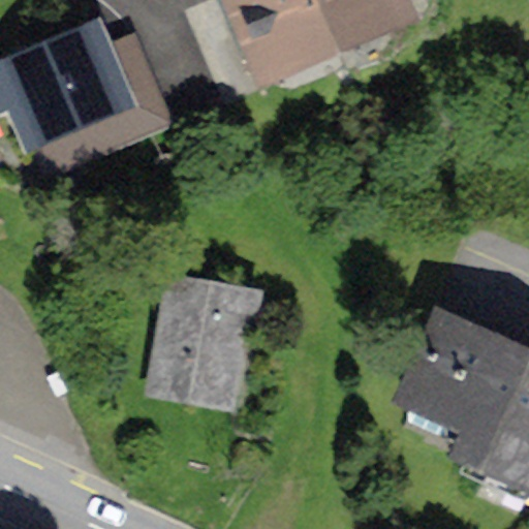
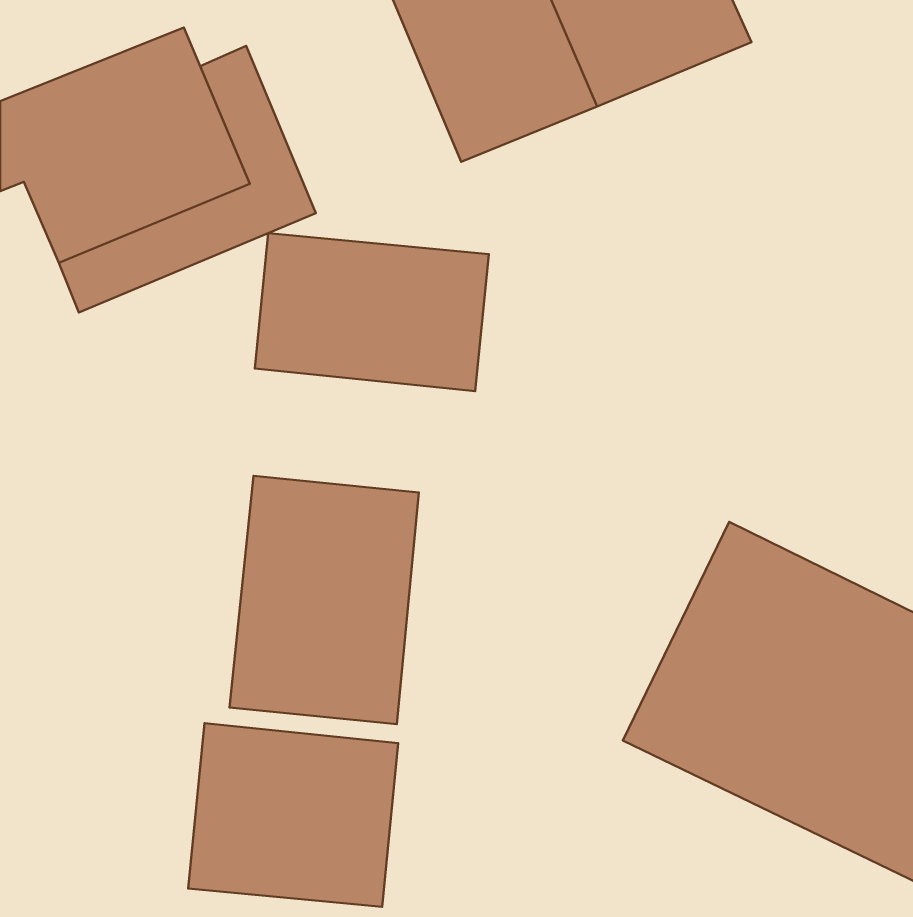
building: none -> [255,233,489,391]
building: none -> [188,723,398,907]

